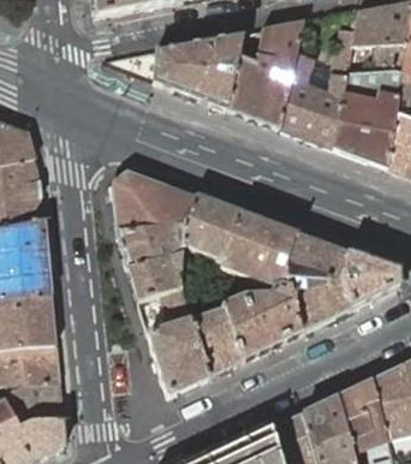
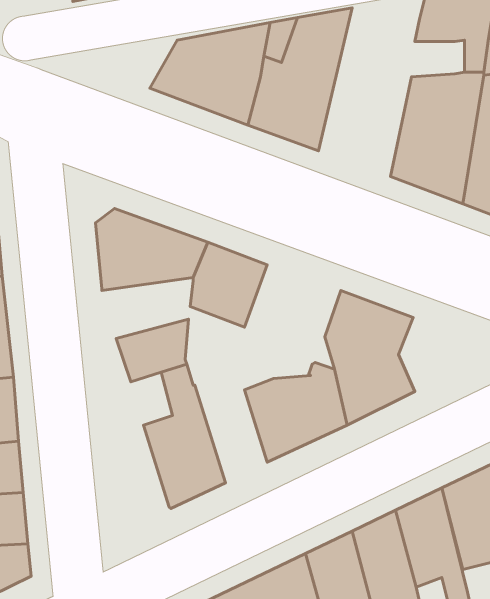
building: [279,24,355,145] -> none
building: [221,212,296,290] -> none
building: [117,221,185,267] -> none
building: [339,251,400,307] -> none
building: [185,291,240,375] -> none

